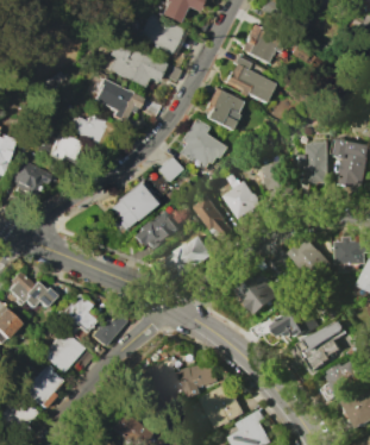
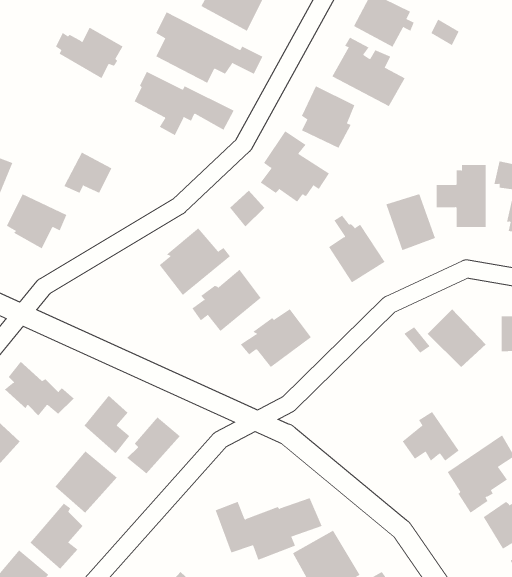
building: [68,112,113,146] -> [55,27,124,79]
building: [193,195,233,237] -> none
building: [234,269,278,314] -> none

